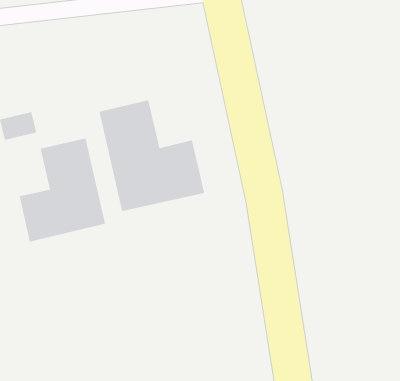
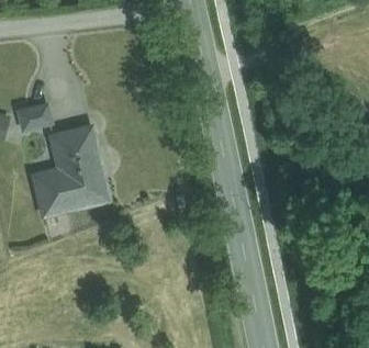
building: [99,100,205,212] -> none

